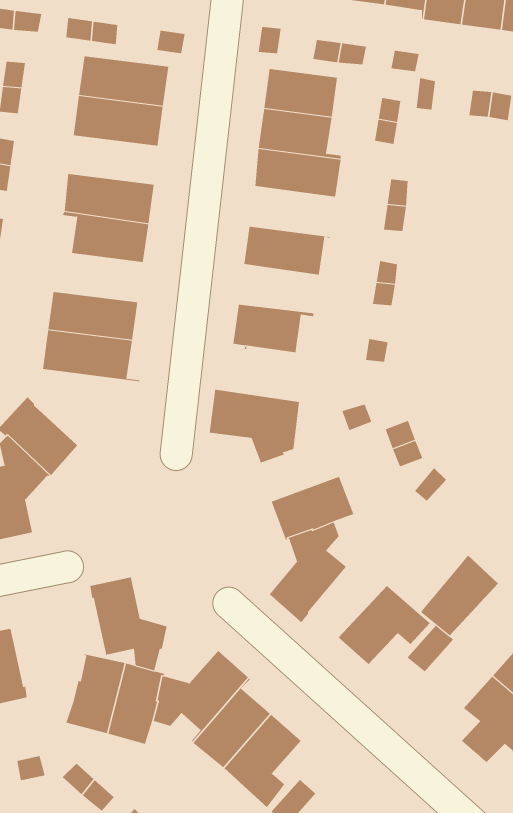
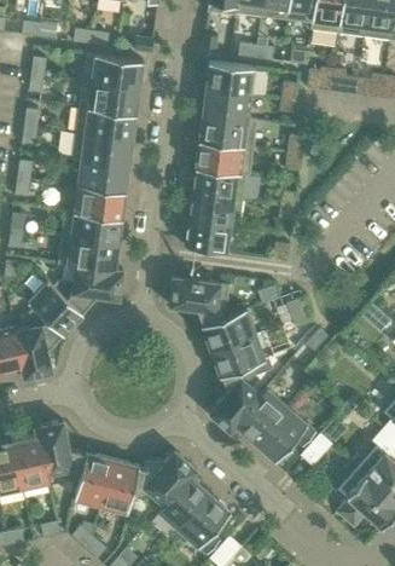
building: none -> [75,106,135,139]
building: none -> [196,140,254,174]
building: none -> [65,185,126,218]
building: none -> [188,192,243,225]
building: none -> [53,262,123,313]
building: none -> [201,308,256,351]
building: [421,555,499,636] -> [236,387,287,441]
building: [90,577,168,671] -> [35,421,87,484]

